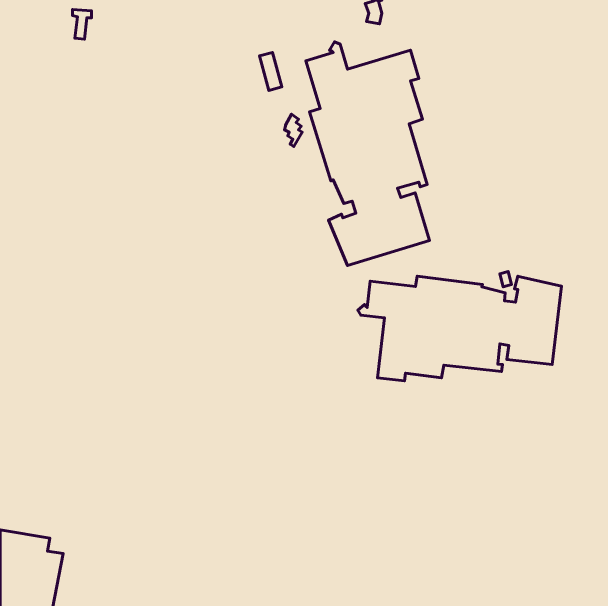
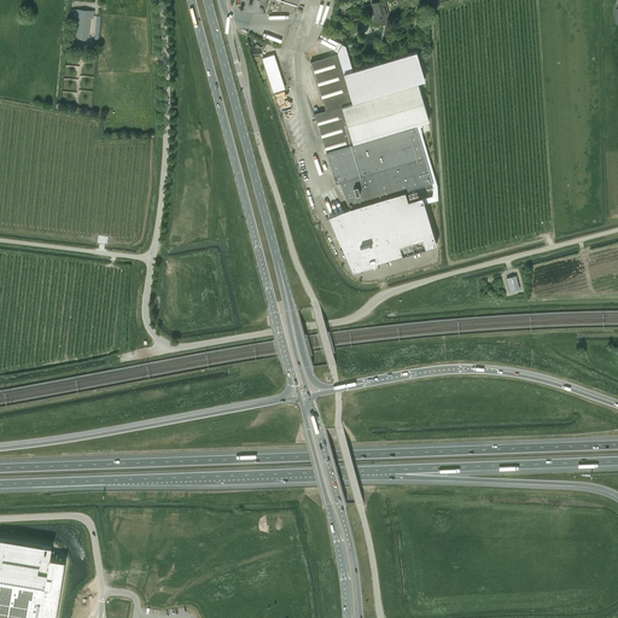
building: [358,276,561,381] -> none

